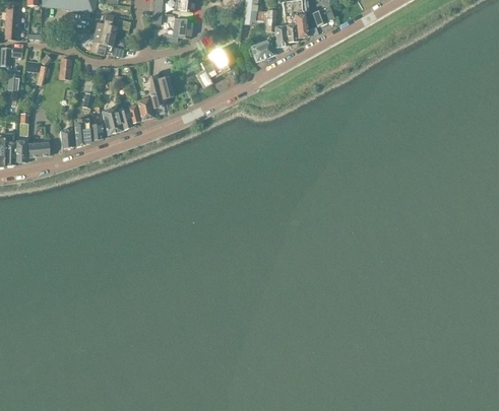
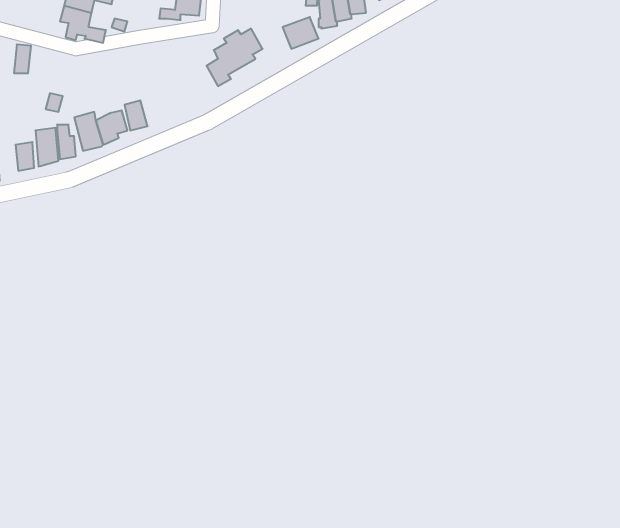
building: [151,75,174,107] -> none

